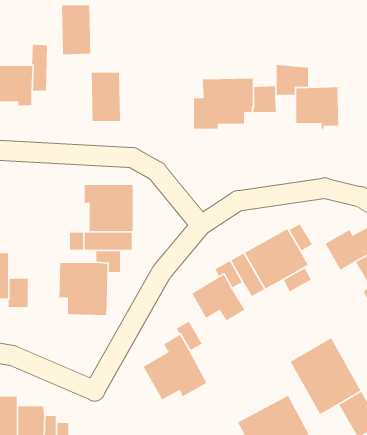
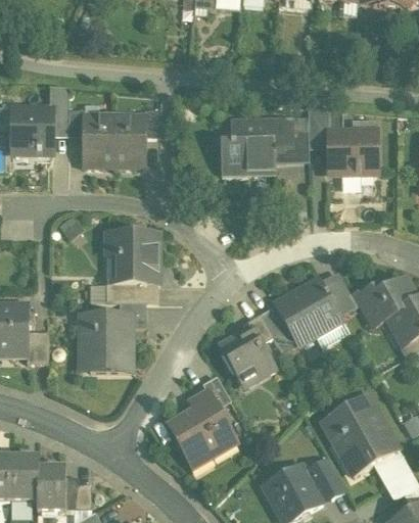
building: [61,5,91,55] -> [83,114,114,168]

